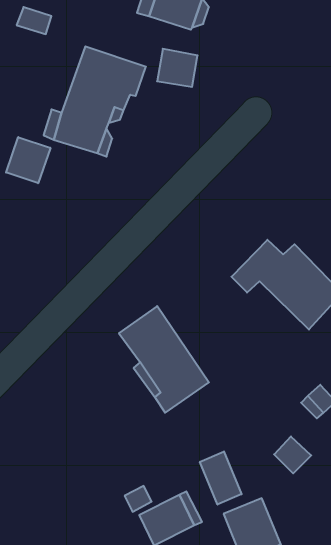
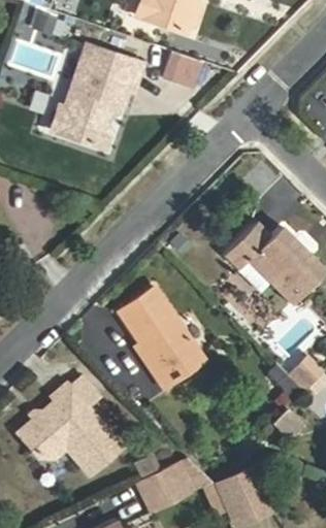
building: [6,137,50,183] -> none
building: none -> [18,383,120,471]
building: [200,451,242,505] -> none

